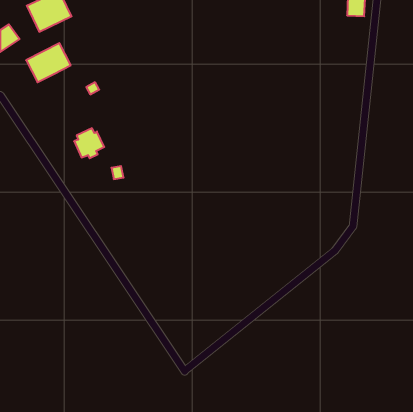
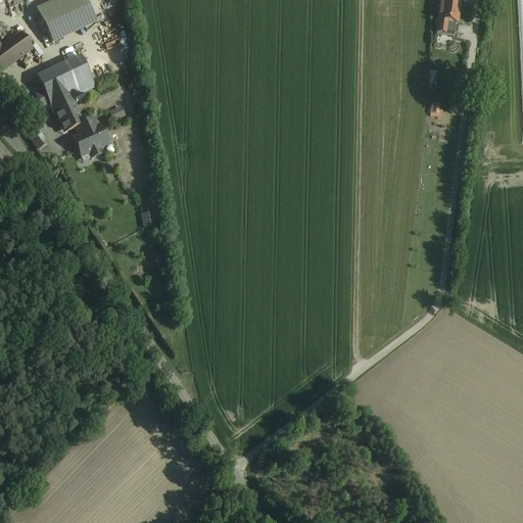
building: none -> [50,93,82,127]
building: [74,128,104,158] -> [74,117,111,155]

